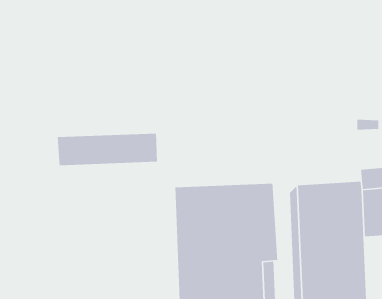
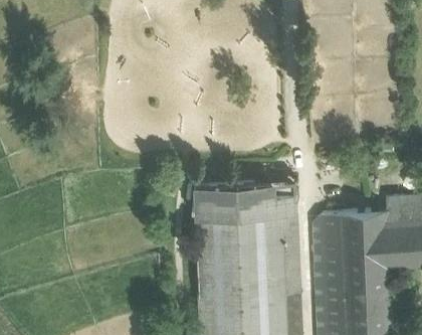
building: [57,133,158,166] -> [194,184,296,218]

